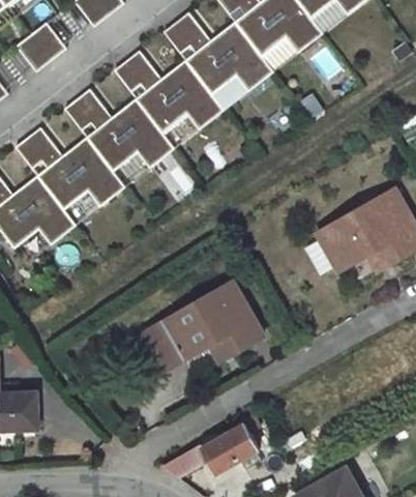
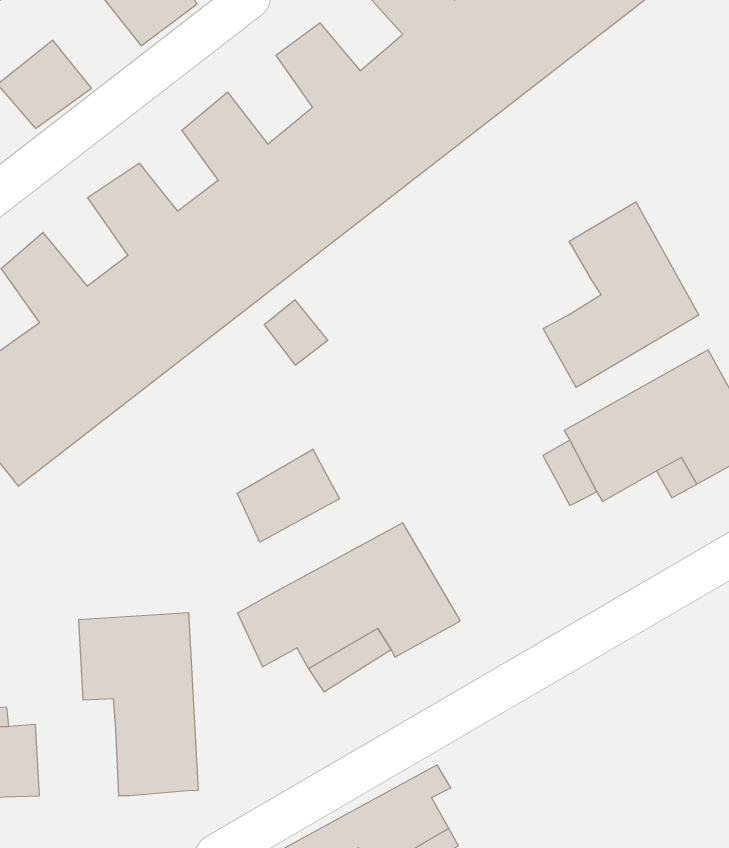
building: none -> [543,202,699,387]
building: none -> [237,449,339,542]
building: none -> [79,613,198,796]

